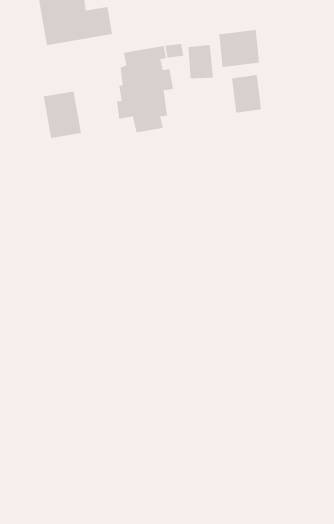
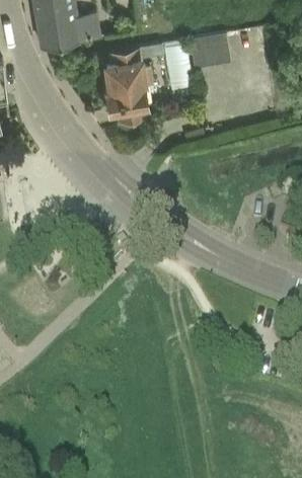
building: [232,74,262,114] -> none
building: [43,91,81,139] -> none

